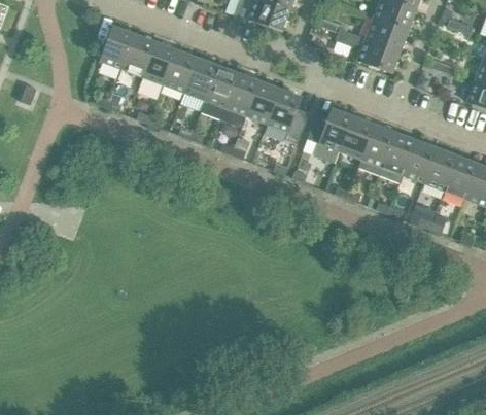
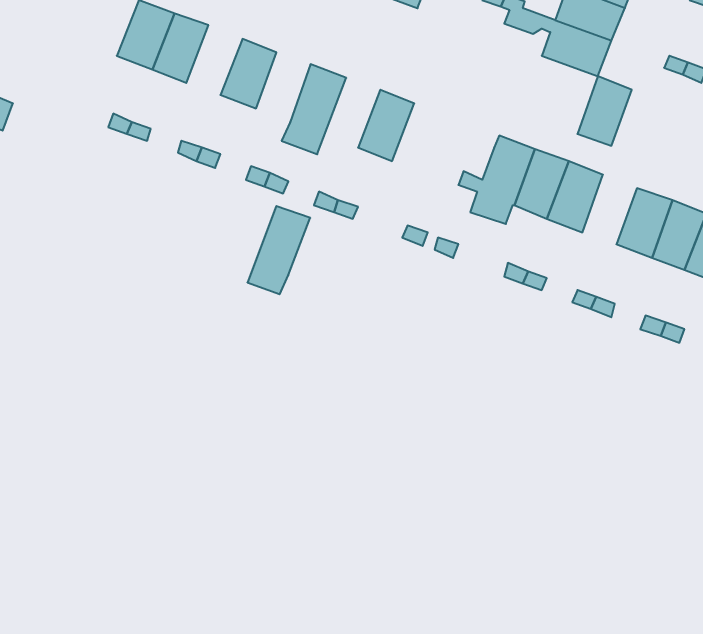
building: [142,40,176,82] -> none
building: [184,57,217,99] -> none
building: [221,72,259,126] -> [247,206,310,294]
building: [267,88,309,142] -> none
building: [382,131,415,173] -> [577,76,632,146]

